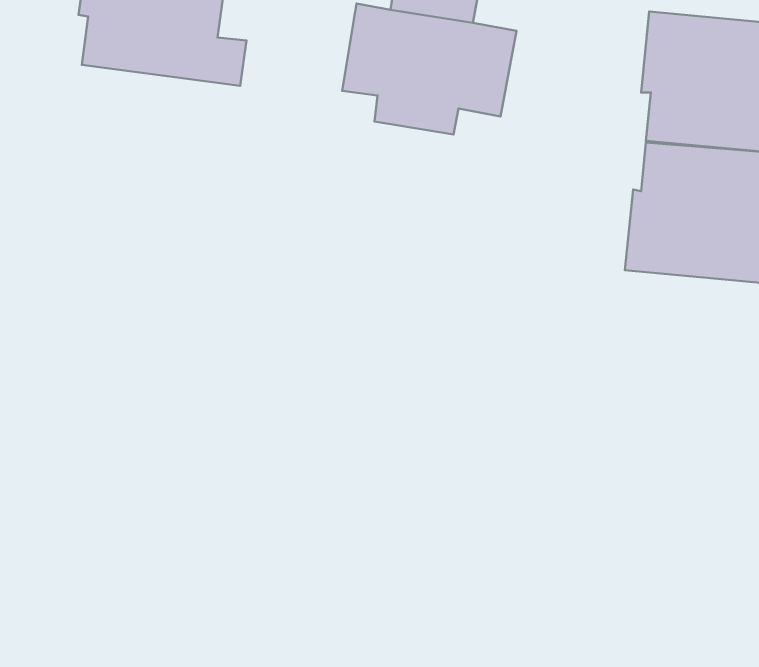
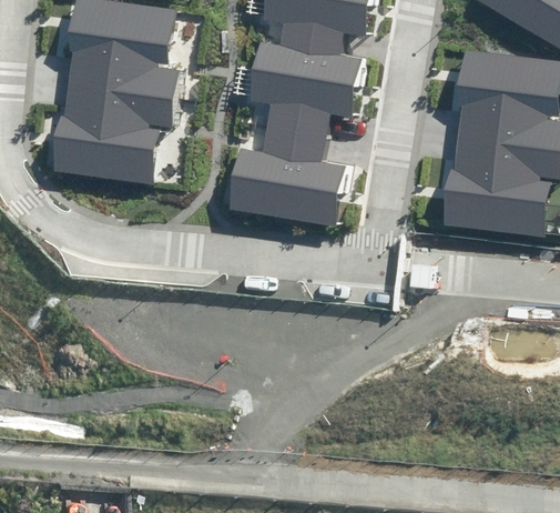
building: none -> [52,82,179,183]
building: none -> [232,121,340,224]

